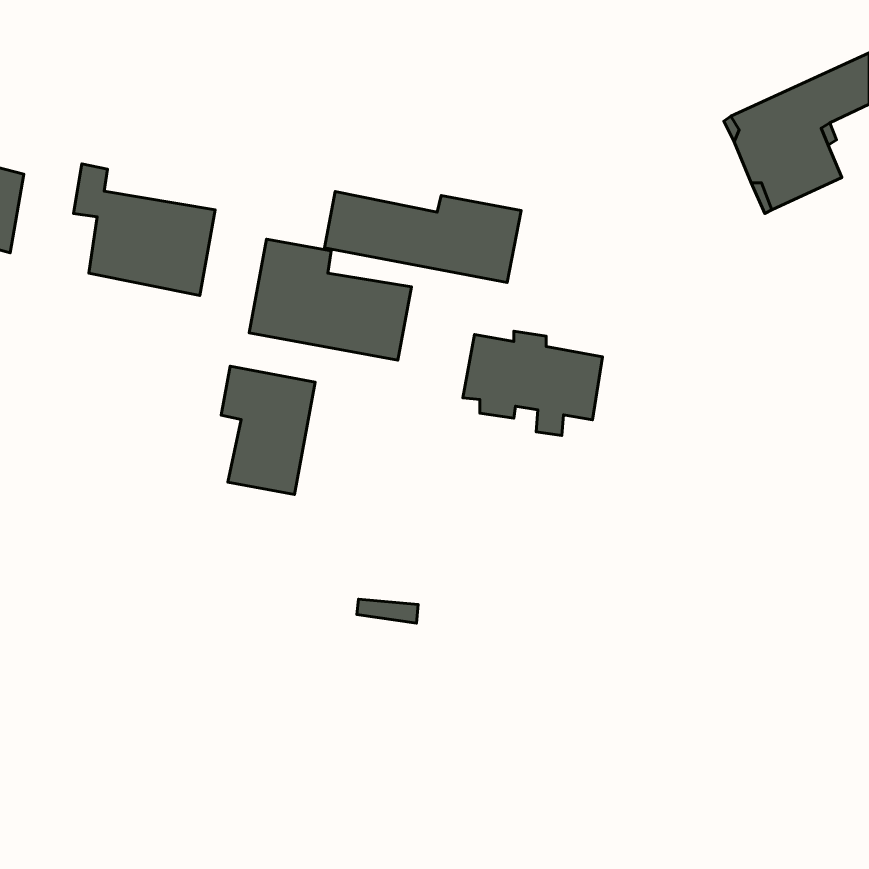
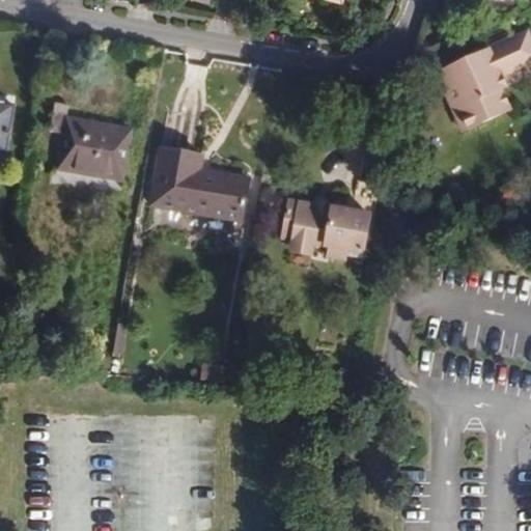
building: [325,192,521,282] -> none
building: [221,366,315,494] -> none

